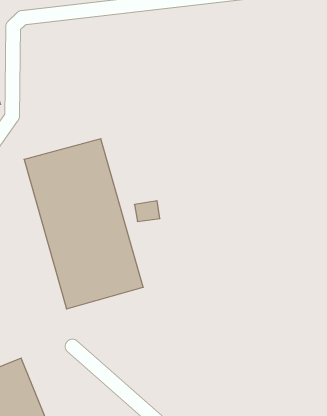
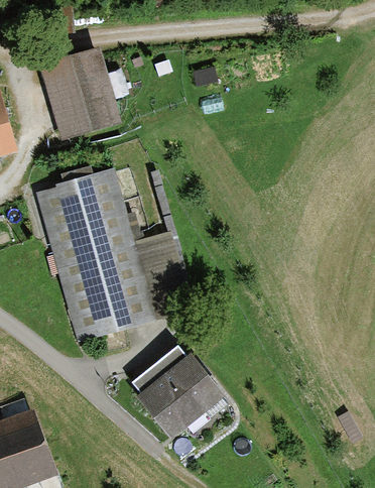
building: none -> [38,51,120,143]
building: none -> [138,341,225,424]

